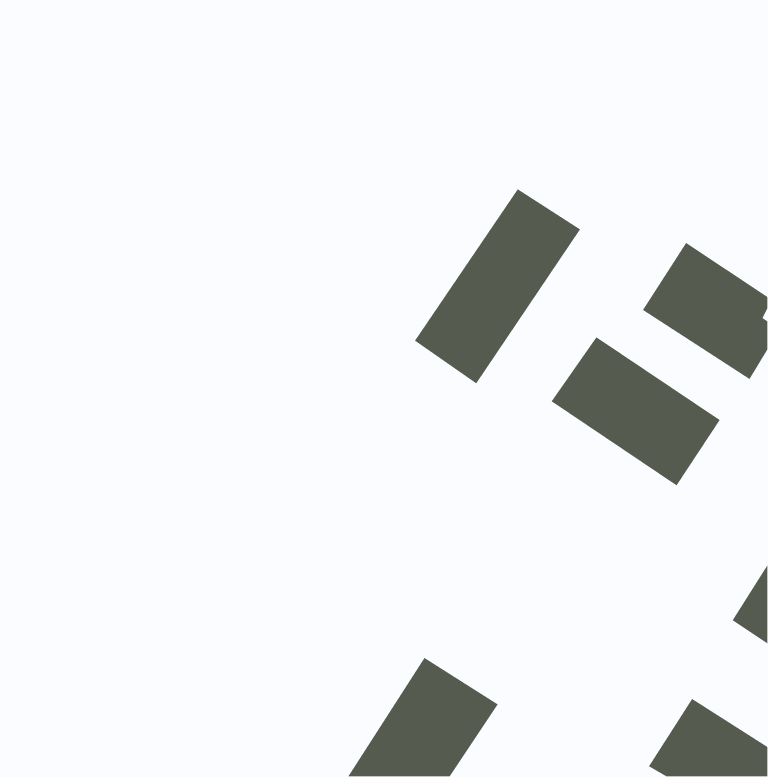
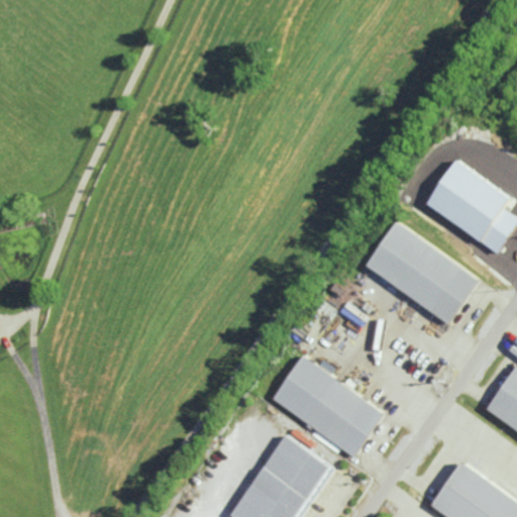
building: [414,188,581,384] -> none
building: none -> [271,355,384,457]

